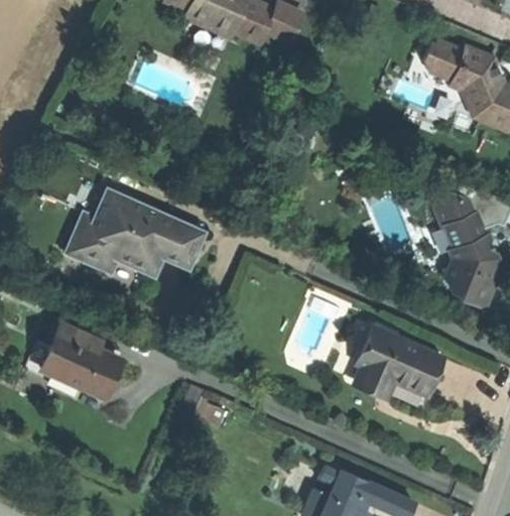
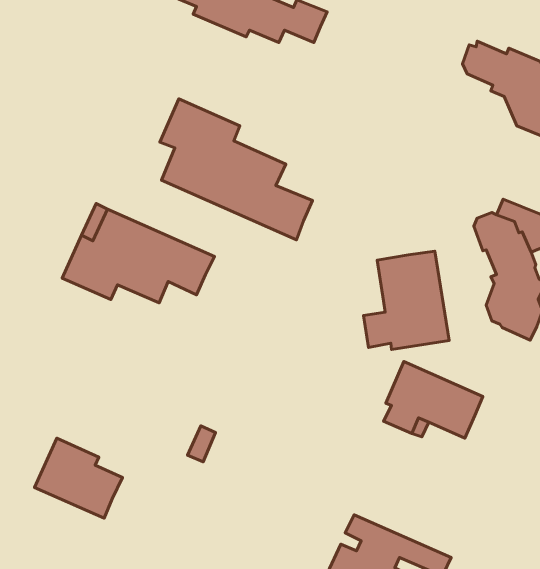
building: none -> [160,99,312,240]
building: none -> [363,251,449,349]
building: [41,326,120,397] -> [34,438,122,518]

